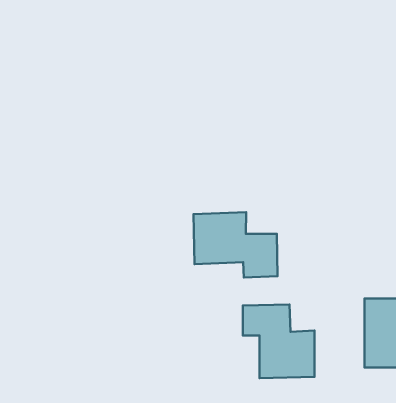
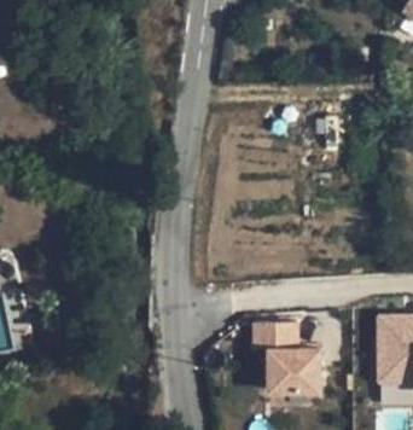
building: [194,212,277,277] -> none

